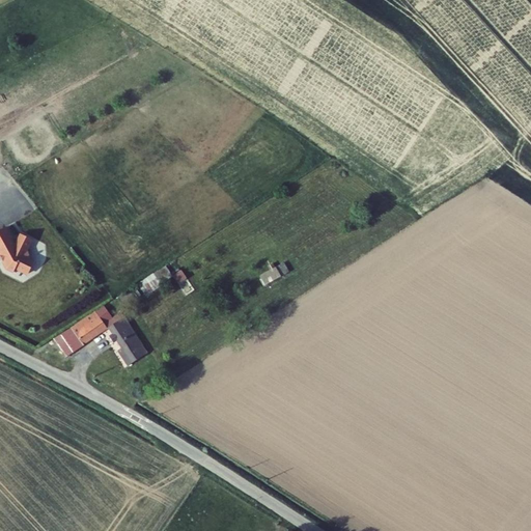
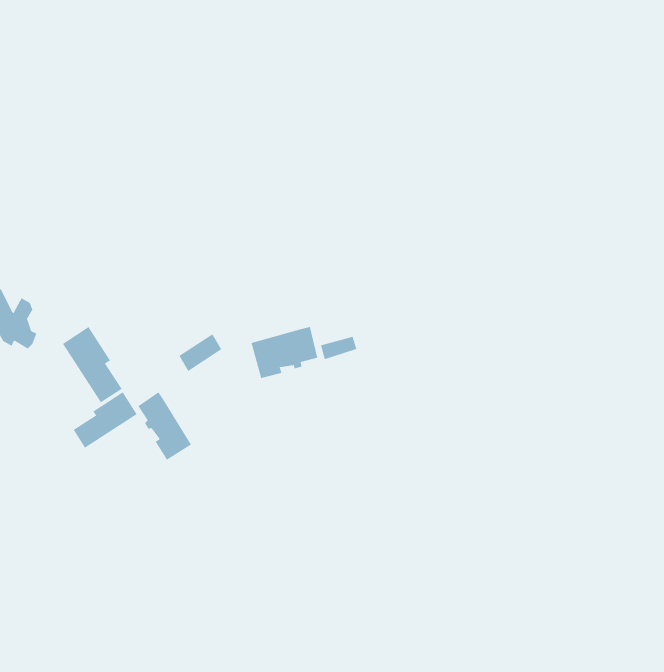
building: none -> [251,326,318,379]
building: none -> [62,326,122,403]

